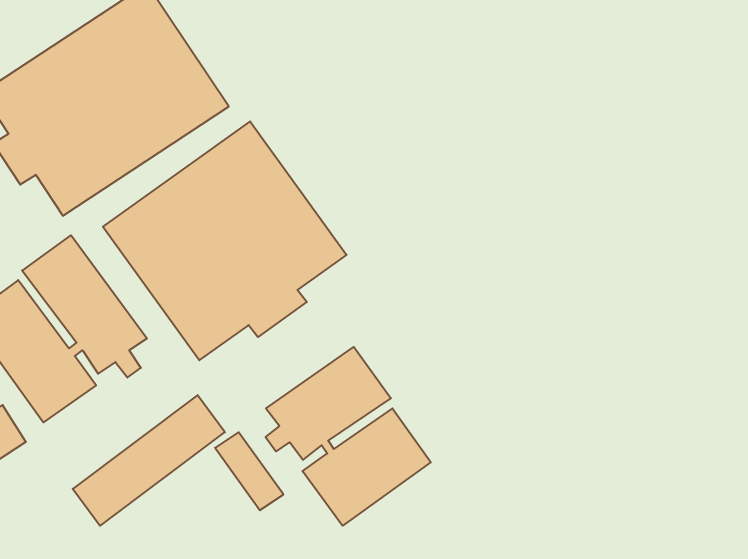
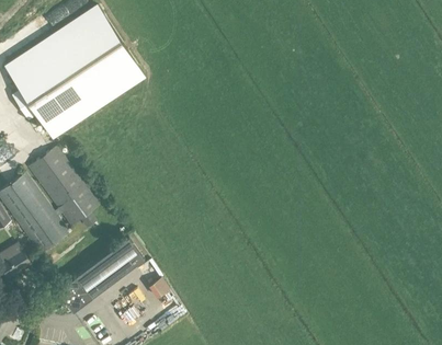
building: [103,121,347,360] -> none
building: [266,347,431,526] -> none

